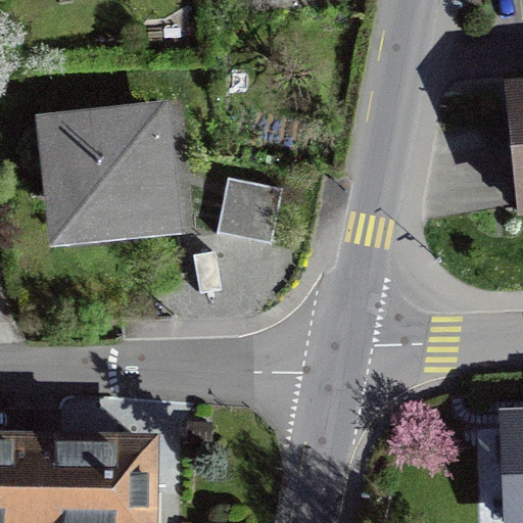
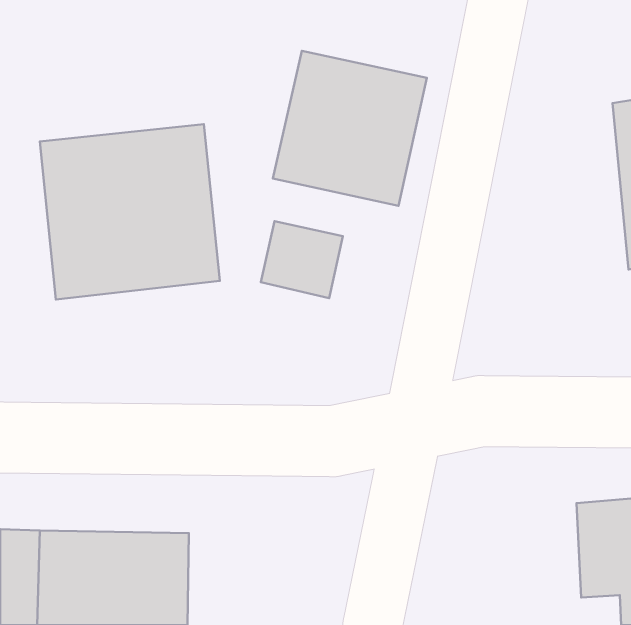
building: none -> [273,51,427,206]

